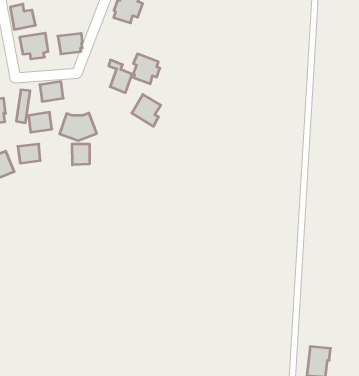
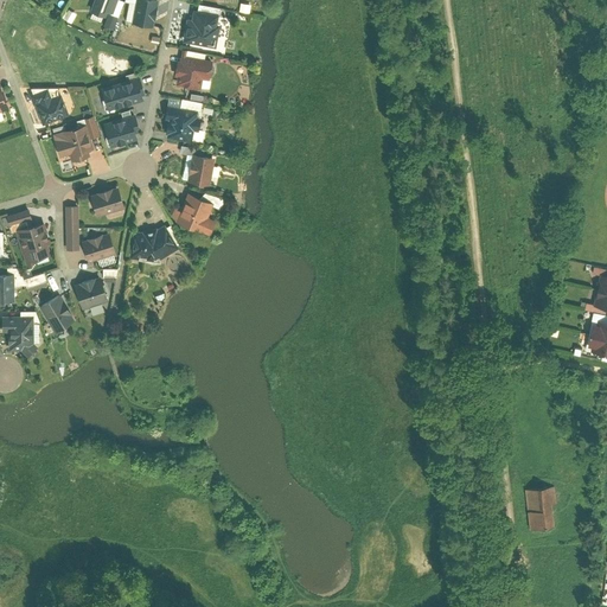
building: none -> [102,78,145,111]
building: [133,54,160,84] -> [164,104,202,142]
building: [132,94,161,126] -> [177,193,215,235]
building: [72,144,89,165] -> none

